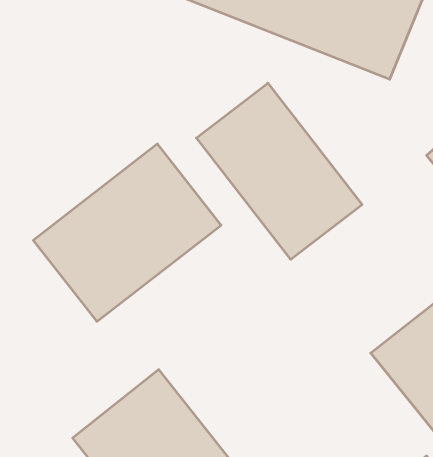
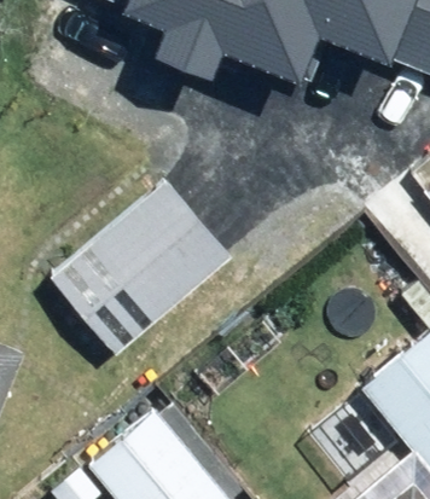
building: [196,83,362,259] -> none

